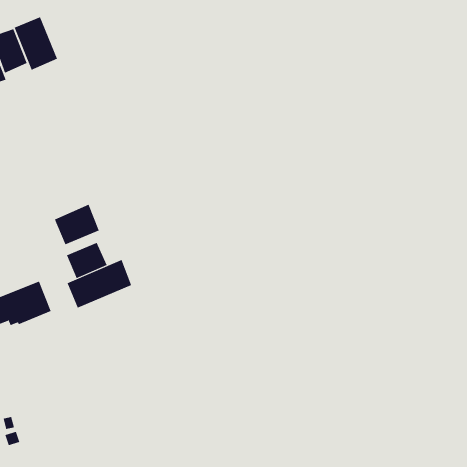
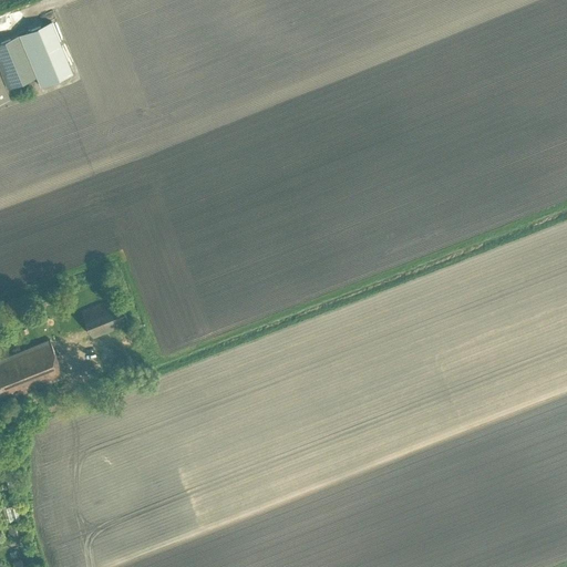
building: [54,204,100,245] -> none
building: [67,259,132,308] -> none

